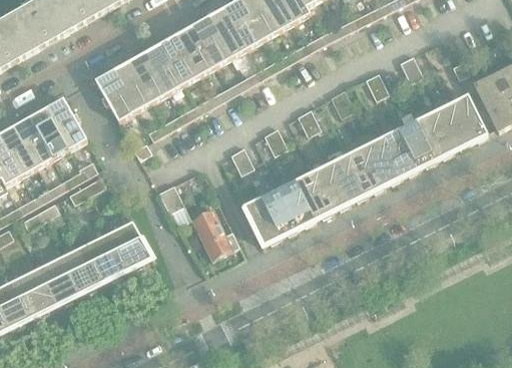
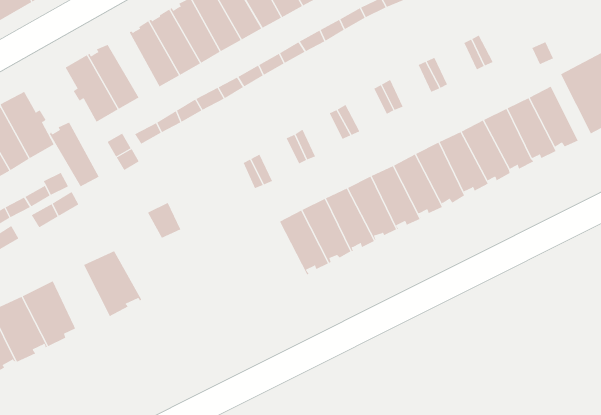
building: [127,51,166,101] -> [49,122,100,187]
building: [241,197,280,246] -> none
building: [191,207,239,258] -> none
building: [85,230,128,282] -> none

